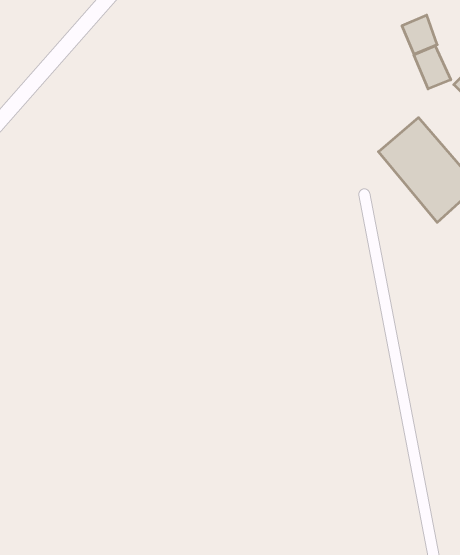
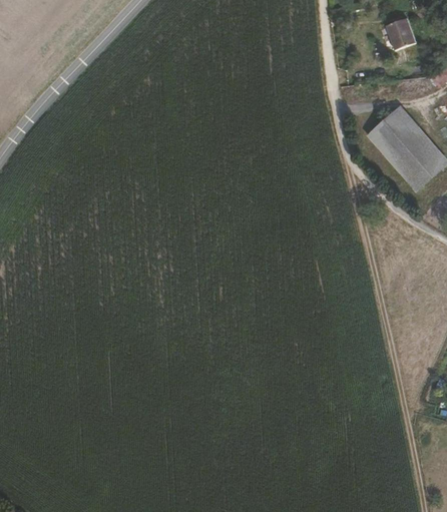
building: [414,46,451,89] -> none

